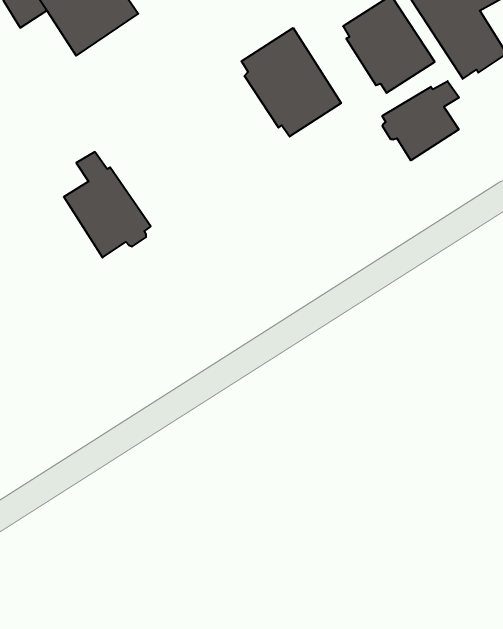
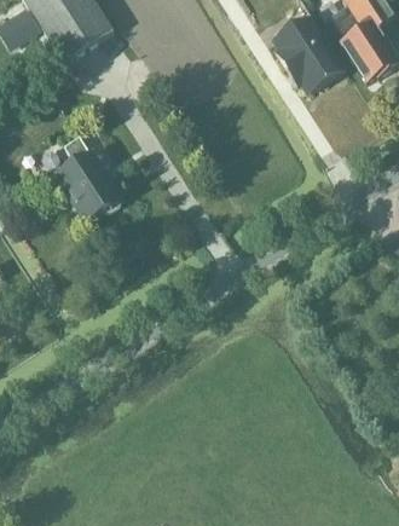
building: [241,28,341,137] -> none
building: [382,81,459,160] -> none

